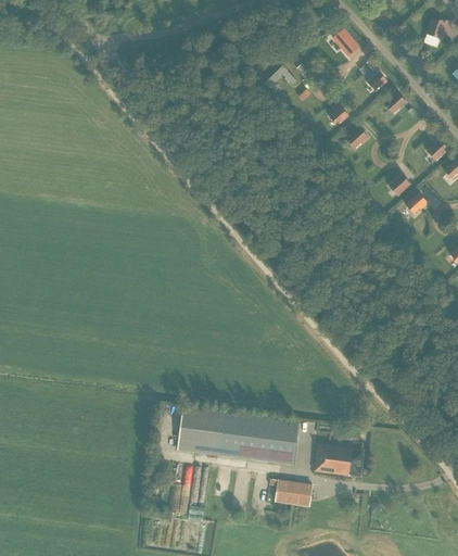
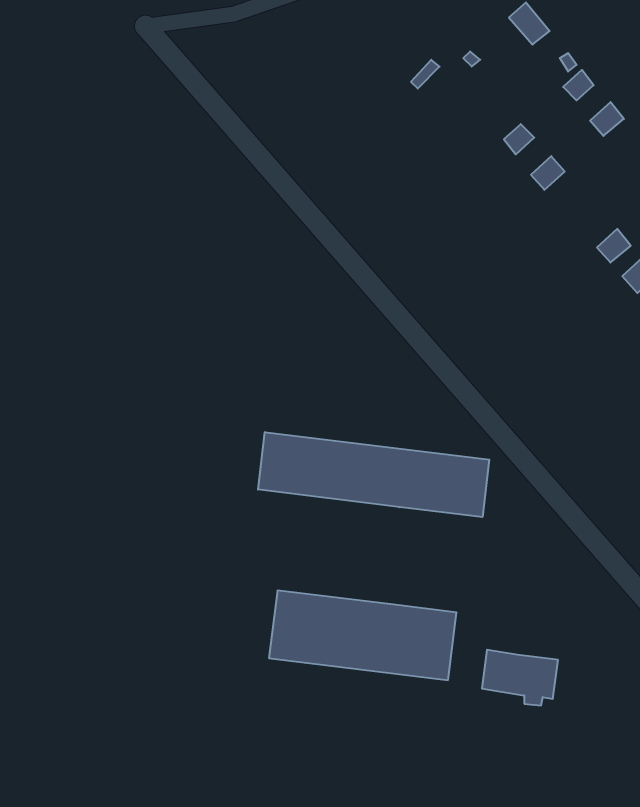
building: none -> [258,432,489,517]
building: [275,480,311,505] -> none

